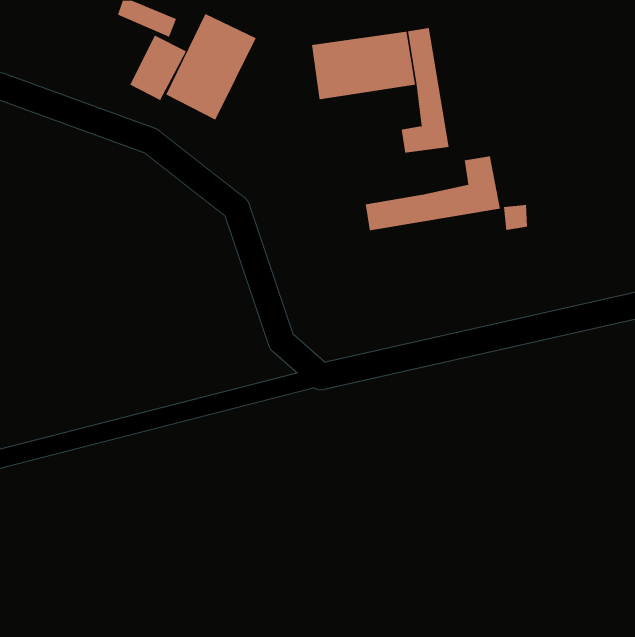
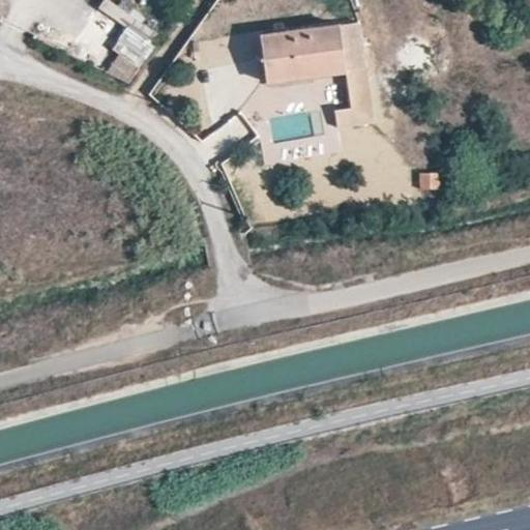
building: [166,13,257,120] -> none
building: [365,155,500,231] -> none

